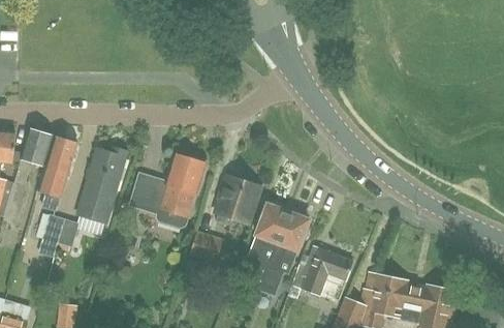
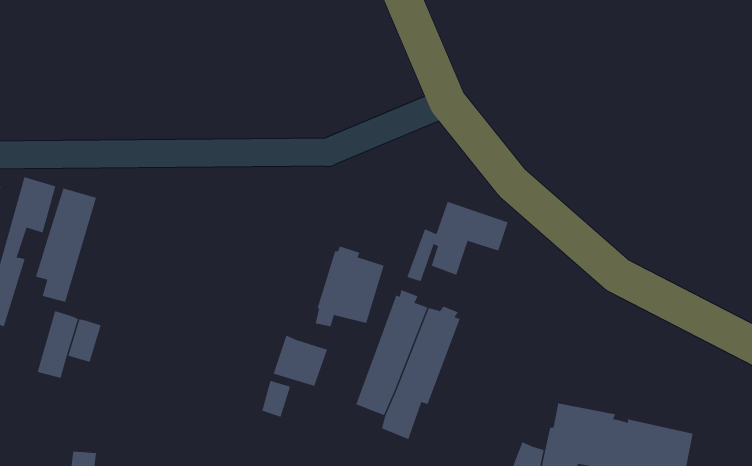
building: [76,148,124,222] -> none
building: [128,153,206,228] -> none
building: [287,246,352,298] -> [407,201,508,282]

